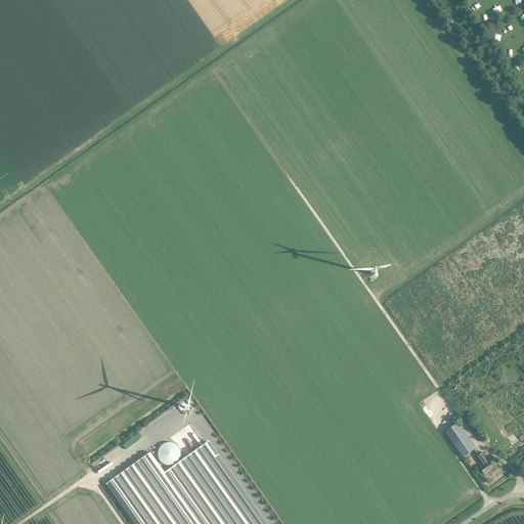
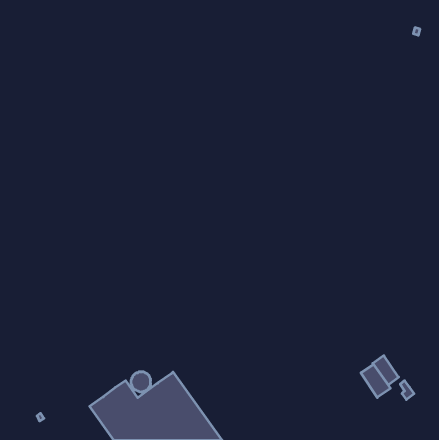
building: none -> [361,365,390,398]

